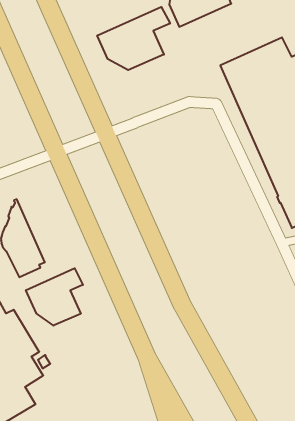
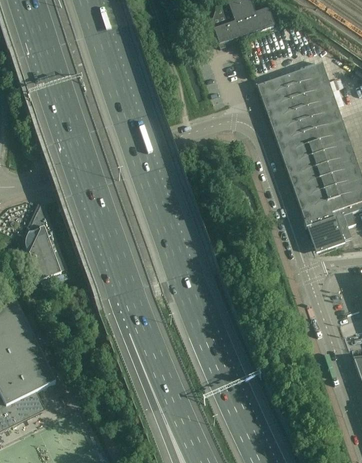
building: [97,7,170,70] -> none
building: [26,268,83,326] -> none

